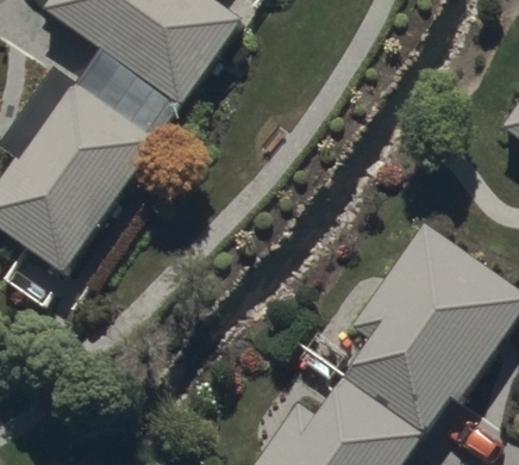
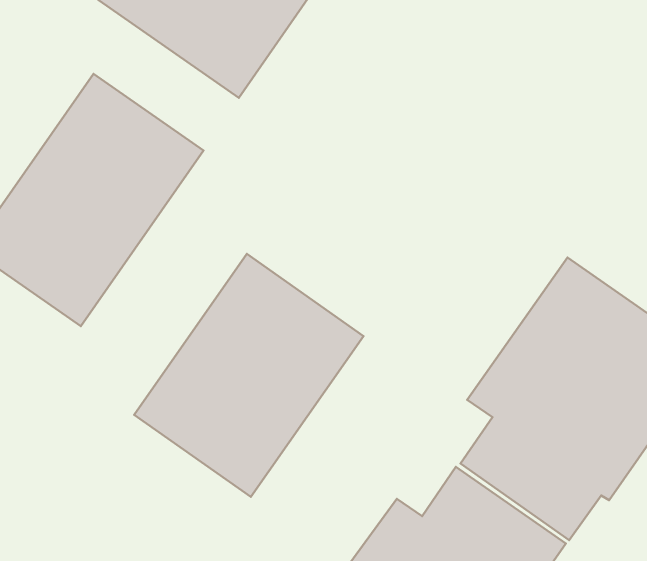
building: none -> [134,254,363,497]

